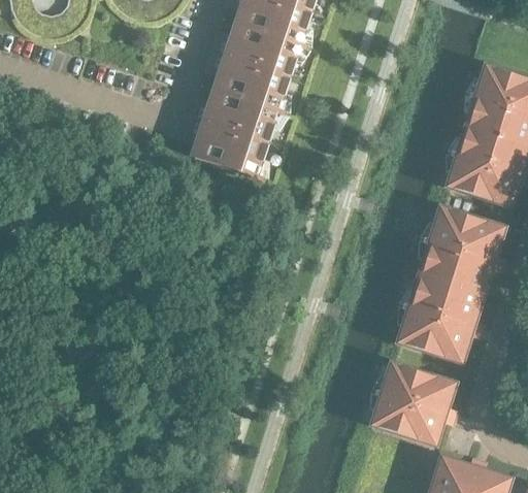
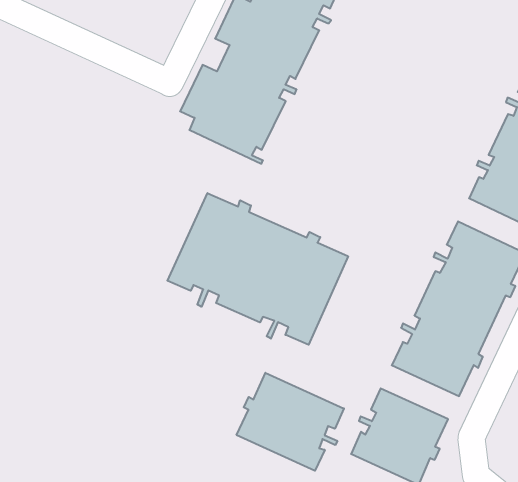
building: none -> [167,193,348,345]
building: none -> [237,373,344,471]

